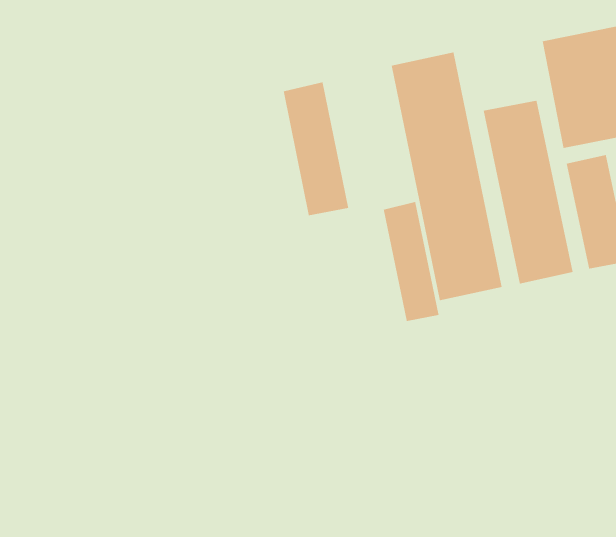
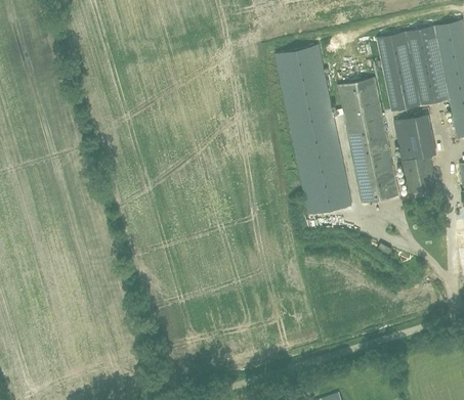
building: [283,81,349,216] -> none
building: [383,201,439,322] -> none

